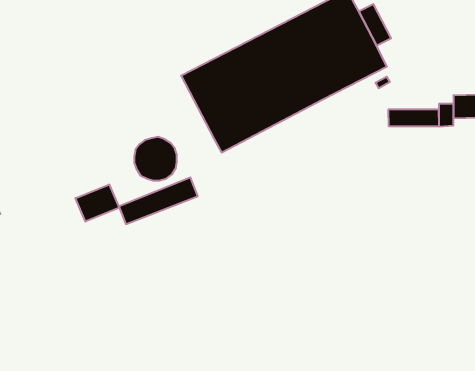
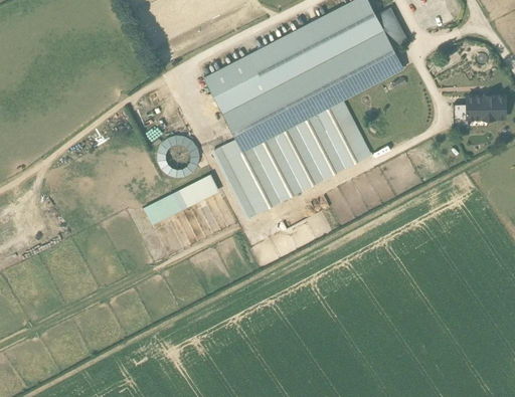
building: none -> [214,101,369,218]
building: [389,109,439,126] -> none
building: [75,184,119,222] -> none

